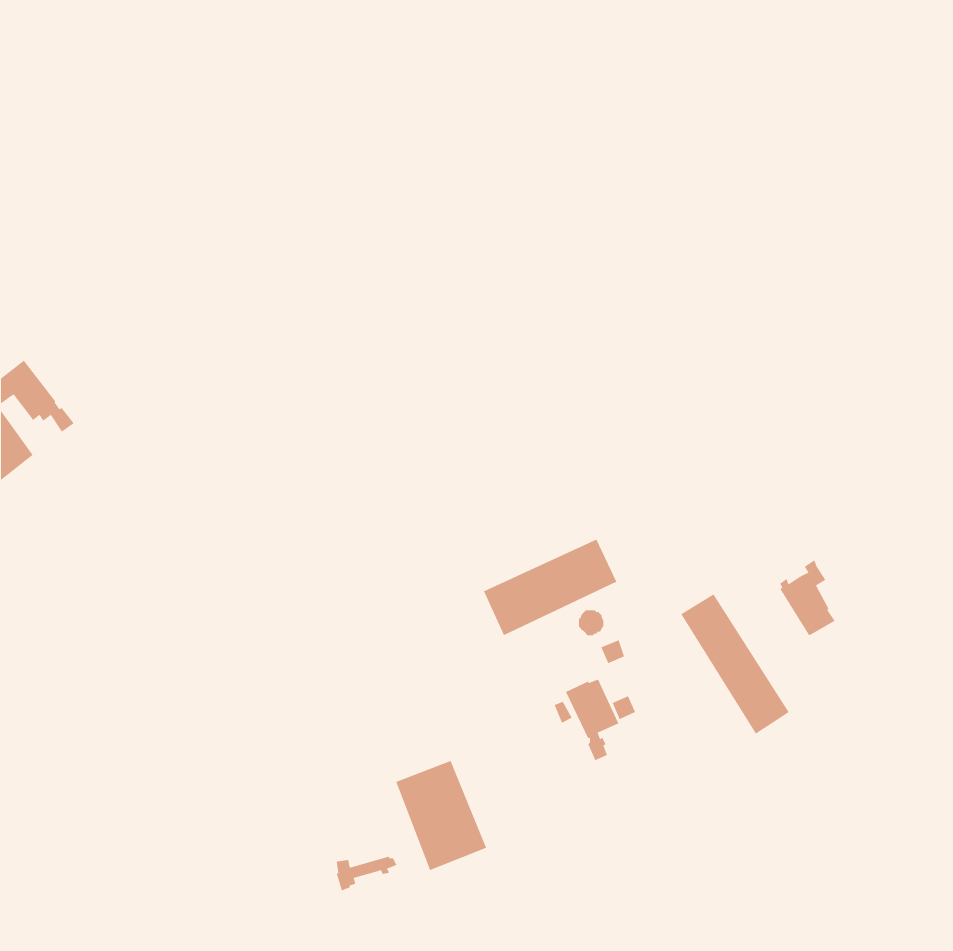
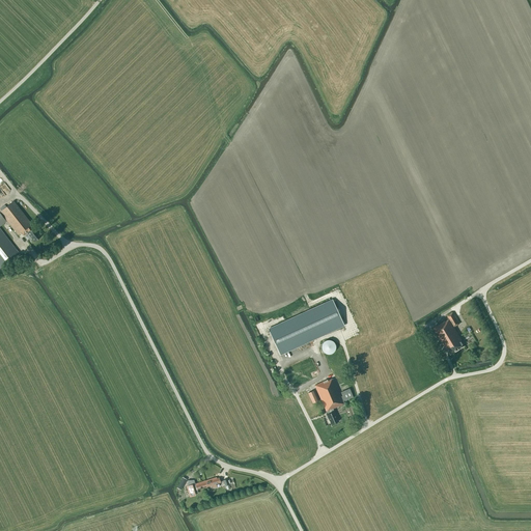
building: [681,593,789,734] -> none
building: [396,760,487,871] -> none

